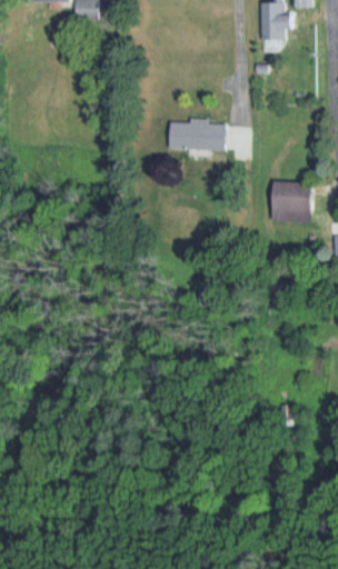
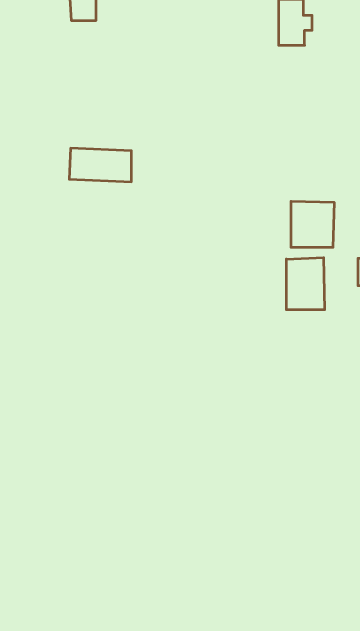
building: [169,120,225,150] -> [69,148,131,182]
building: none -> [286,258,325,310]

